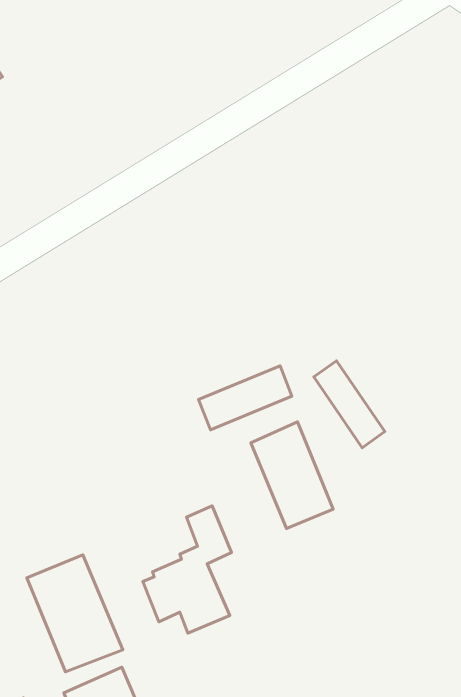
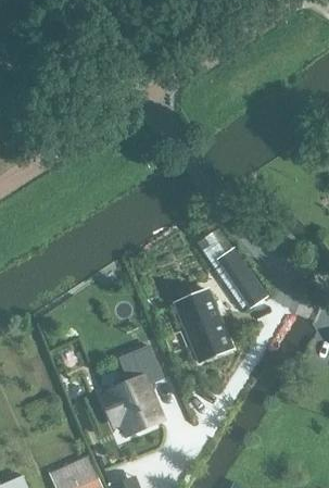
building: [198,366,292,430] -> none
building: [27,555,123,672] -> none

